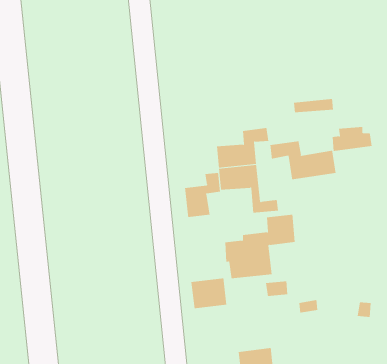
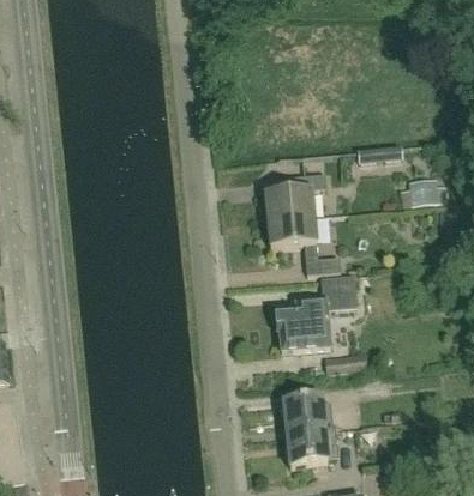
building: [270,141,336,180] -> none
building: [184,172,220,218] -> none
building: [191,278,227,309] -> [287,399,329,435]

